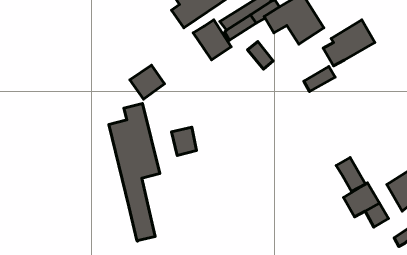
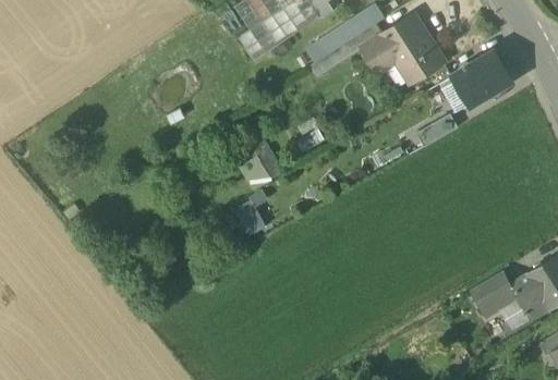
building: [193,20,231,60] -> none
building: [130,65,165,99] -> [238,144,284,189]
building: [109,104,160,241] -> none
building: [336,158,365,191] -> [510,272,549,318]

